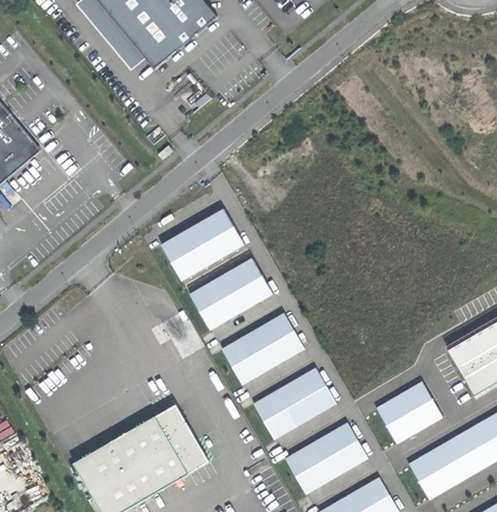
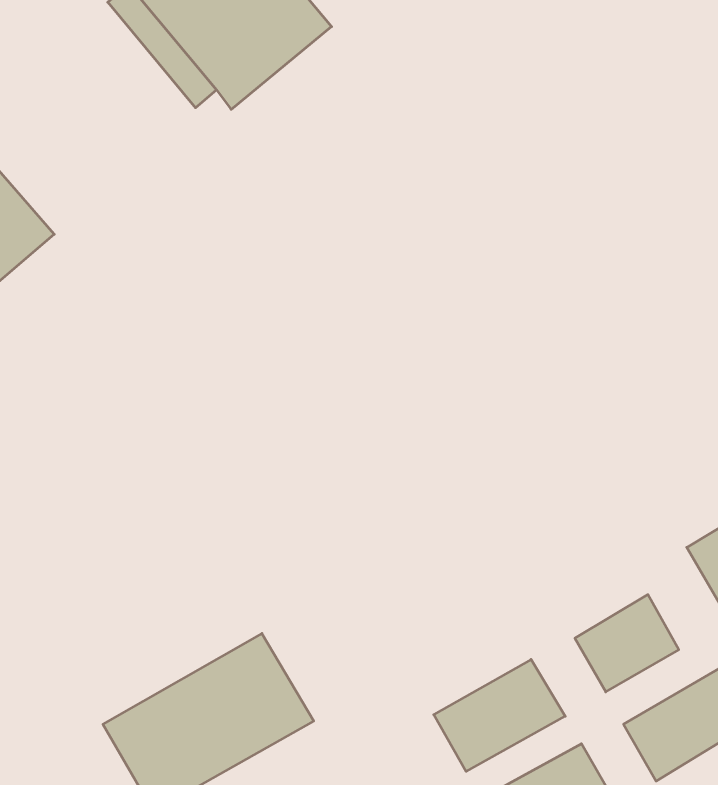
building: [161,208,245,281] -> none
building: [191,258,274,330] -> none
building: [221,312,305,385] -> none
building: [253,367,336,439] -> none

